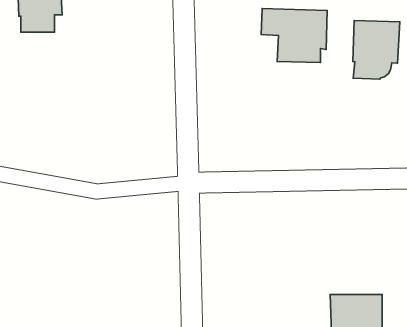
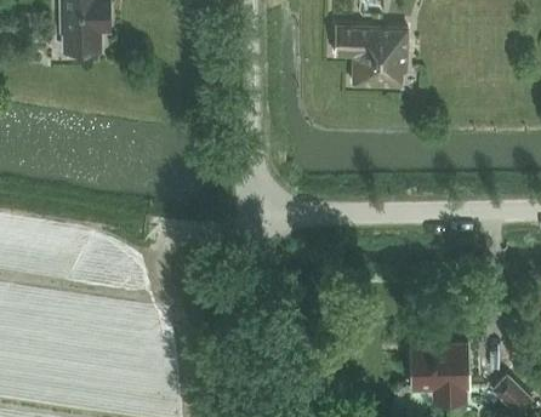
building: [353,20,400,79] -> none

